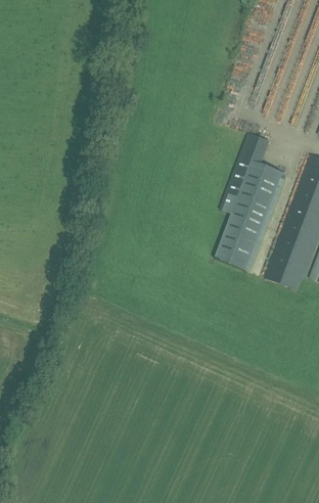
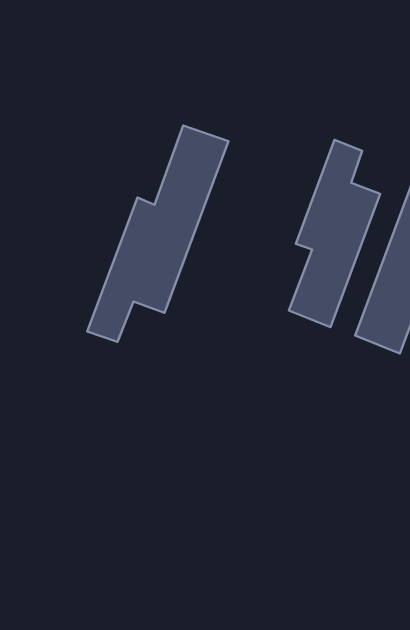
building: none -> [87,126,228,342]

